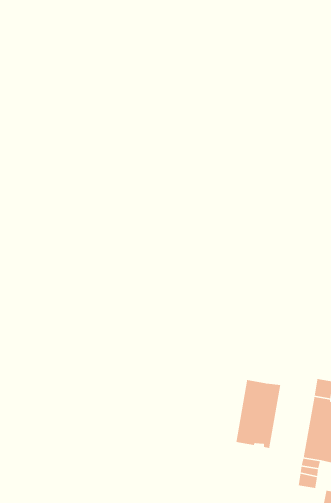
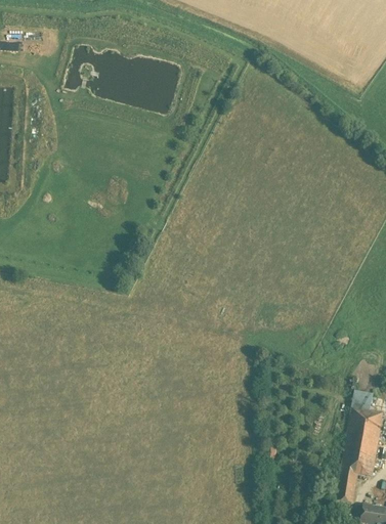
building: [236,379,281,449] -> none

